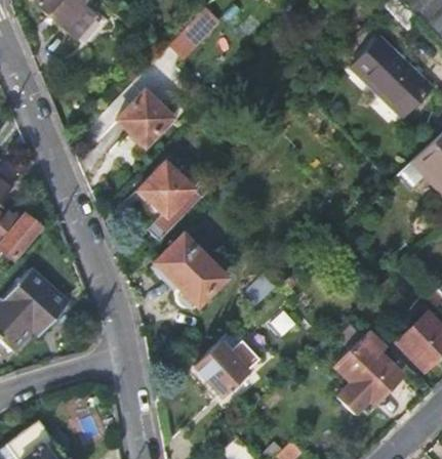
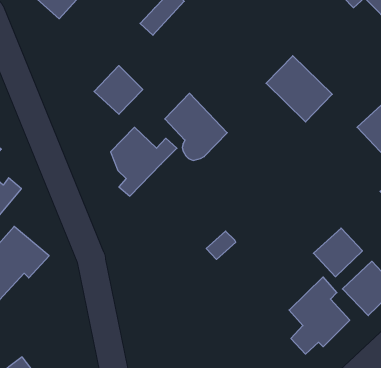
building: [352,39,426,113] -> [266,56,332,122]
building: [155,234,225,308] -> [165,93,227,160]
building: none -> [313,228,362,277]
building: [193,330,258,393] -> none

